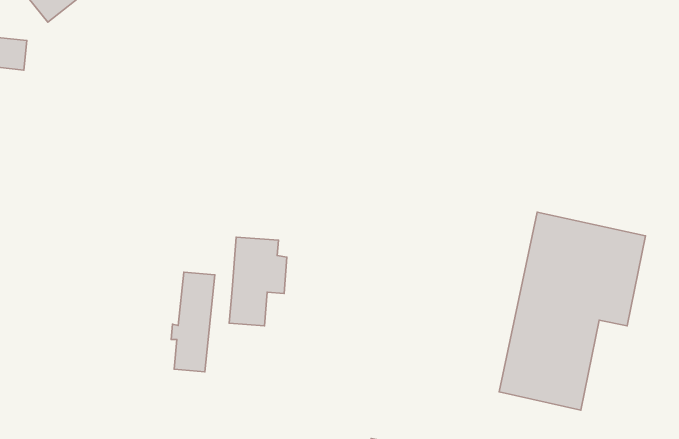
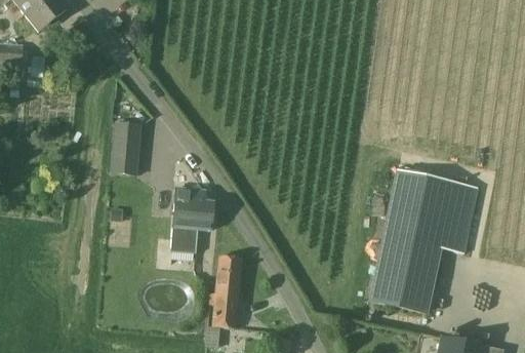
building: none -> [112,123,142,174]
building: [171,272,215,372] -> [211,254,243,327]

